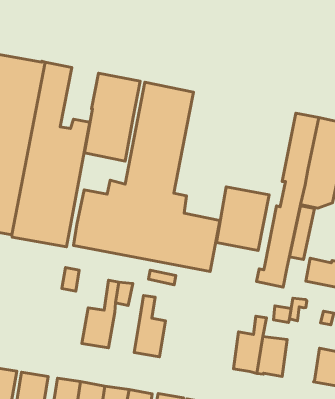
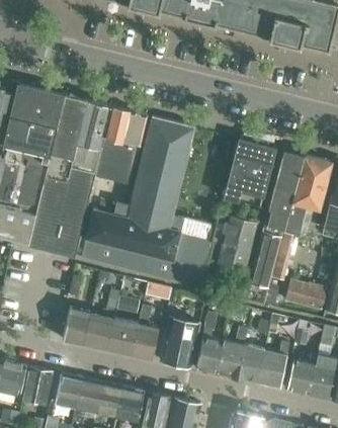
building: none -> [75,101,110,155]
building: none -> [225,141,274,208]
building: none -> [195,314,223,374]
building: none -> [62,309,91,345]
building: none -> [160,319,199,368]
building: none -> [107,319,137,355]
building: none -> [259,342,289,389]

